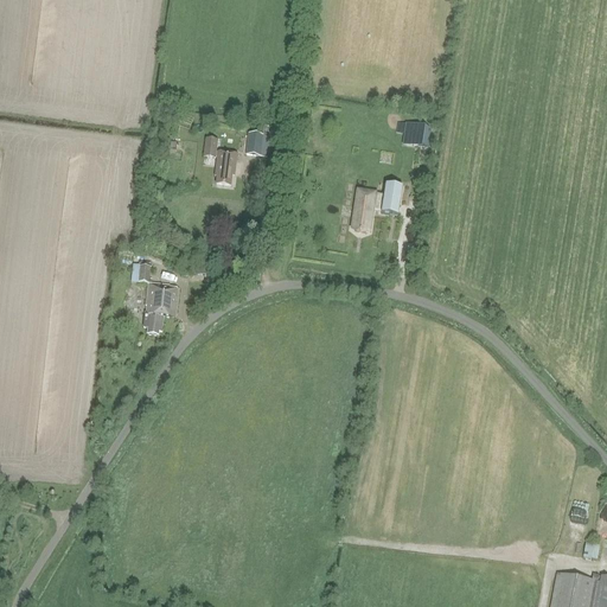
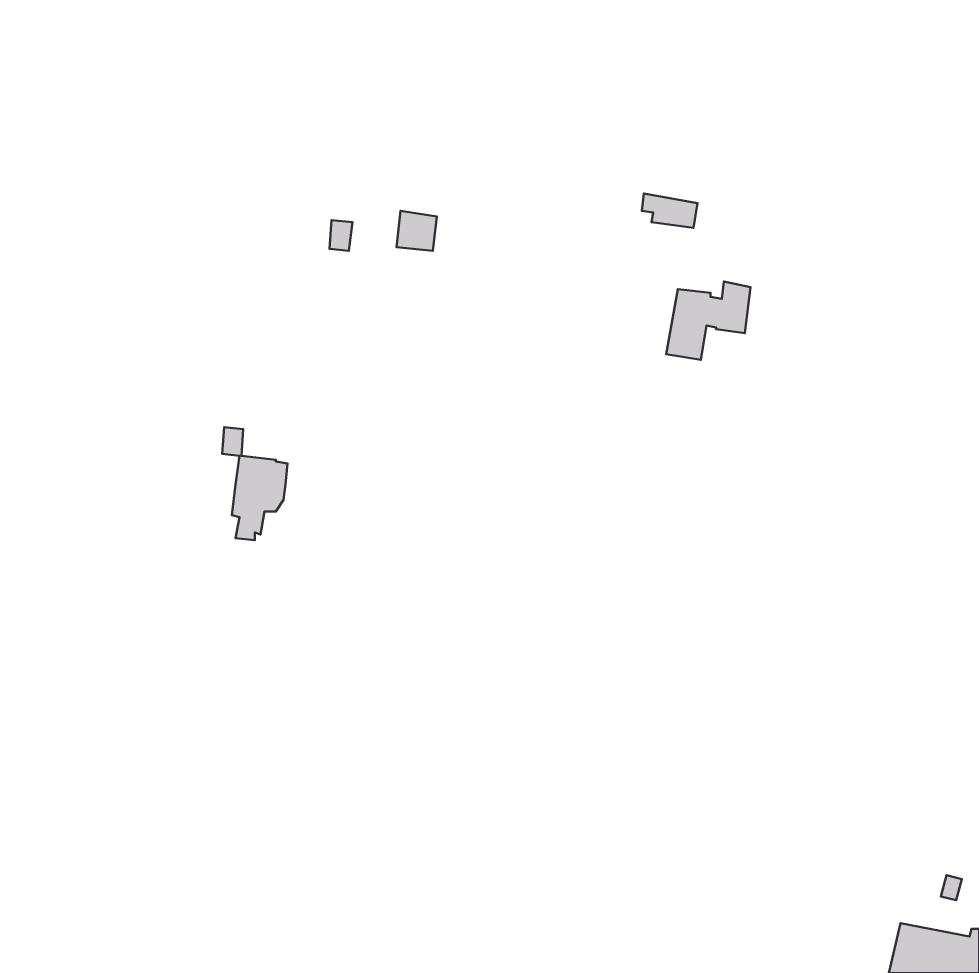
building: [215,149,236,184] -> none
building: [350,181,402,230] -> [666,281,751,360]

